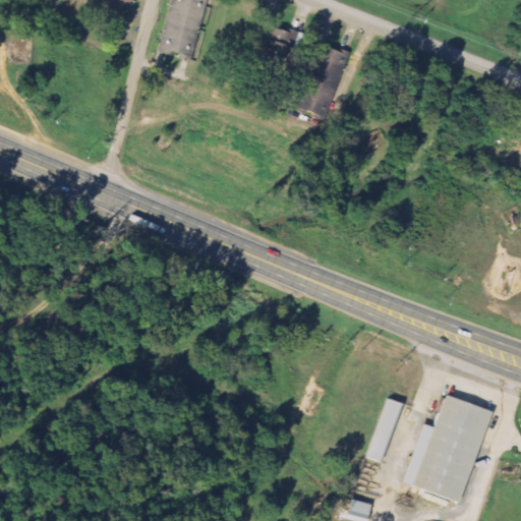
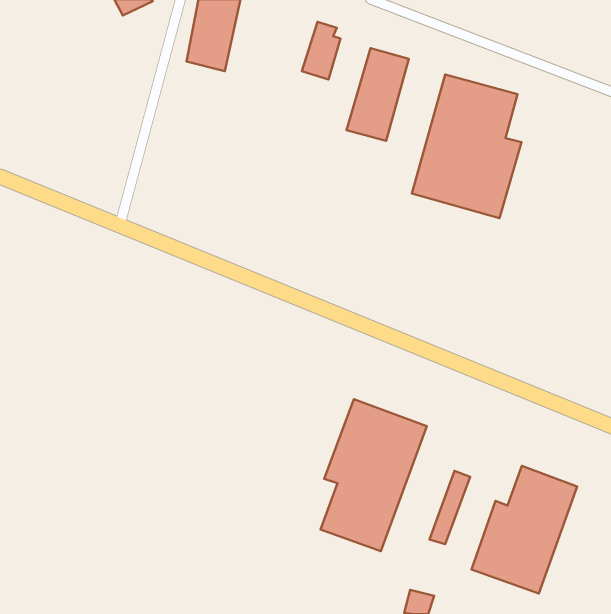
building: none -> [412,74,522,218]
building: none -> [320,399,427,551]

